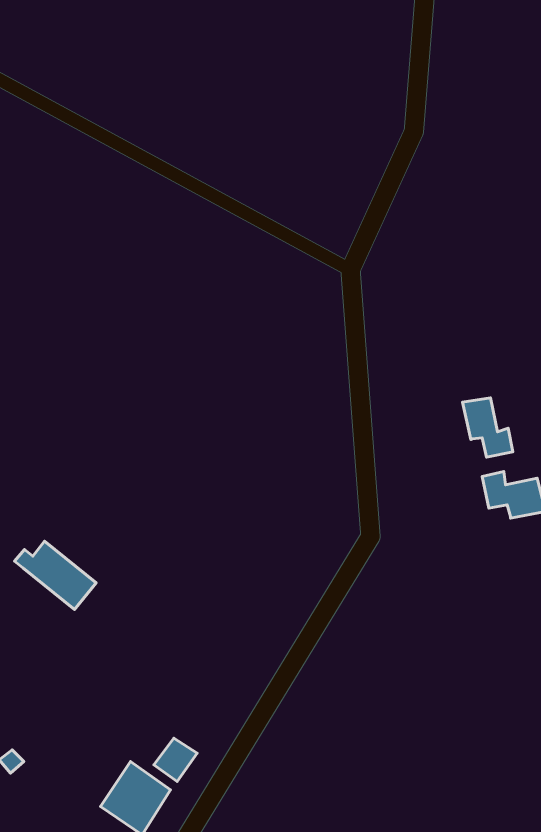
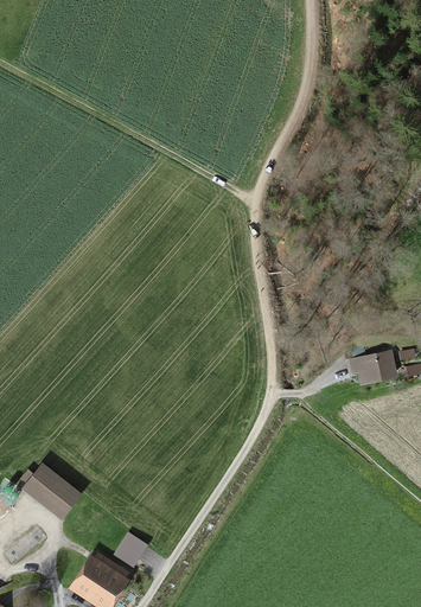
building: [462,398,513,457] -> none
building: [15,541,96,609] -> [21,467,79,516]

